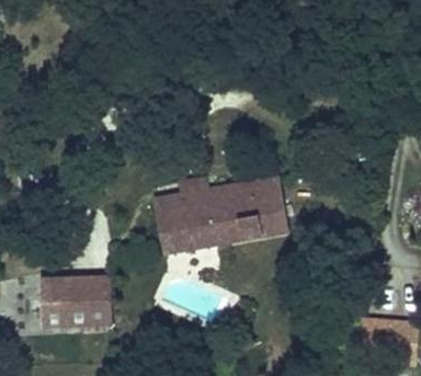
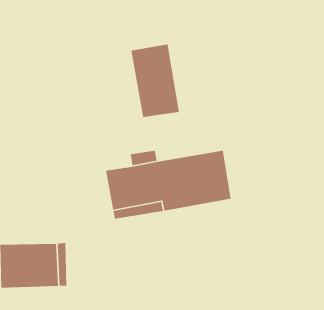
building: none -> [130,43,180,118]

